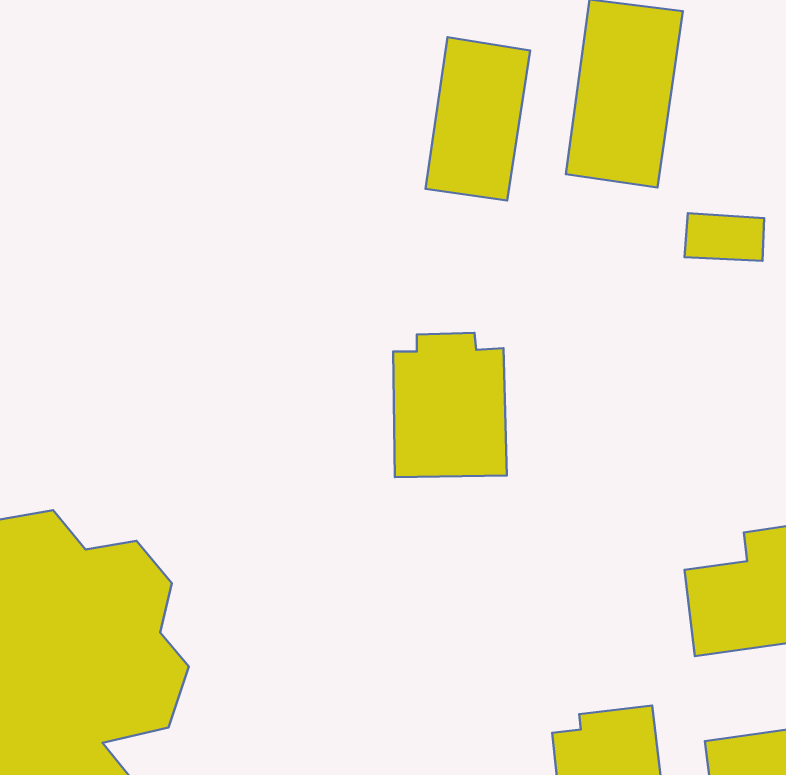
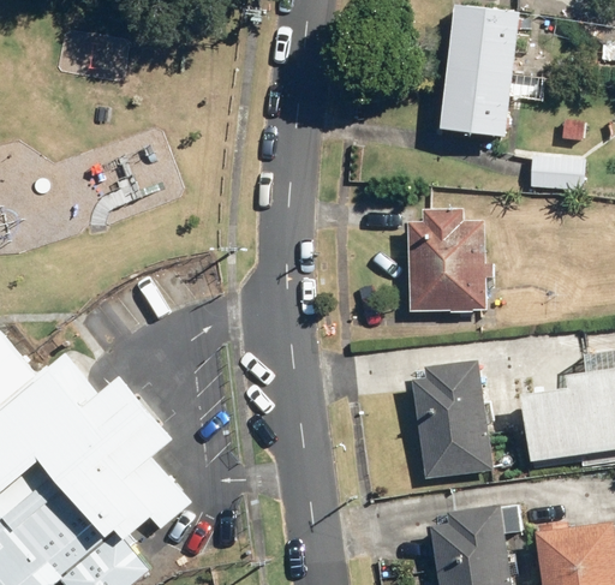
building: [426,37,530,200] -> none
building: [393,333,507,477] -> [405,208,485,310]
building: none -> [411,359,492,477]

